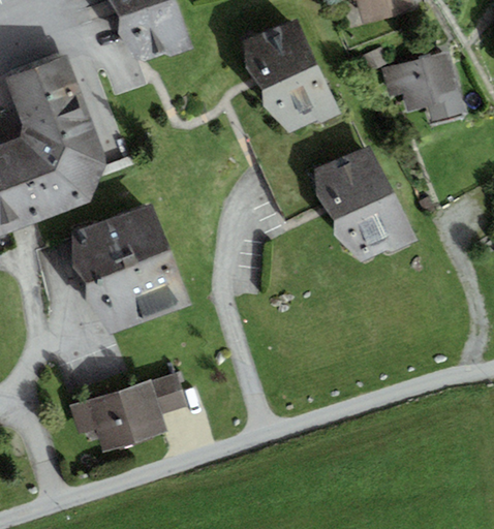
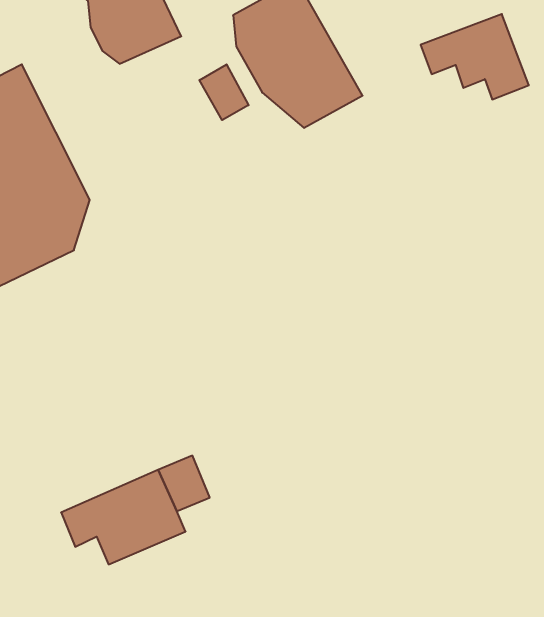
building: none -> [199,64,249,120]
building: [321,150,413,260] -> none
building: [65,203,183,335] -> none

